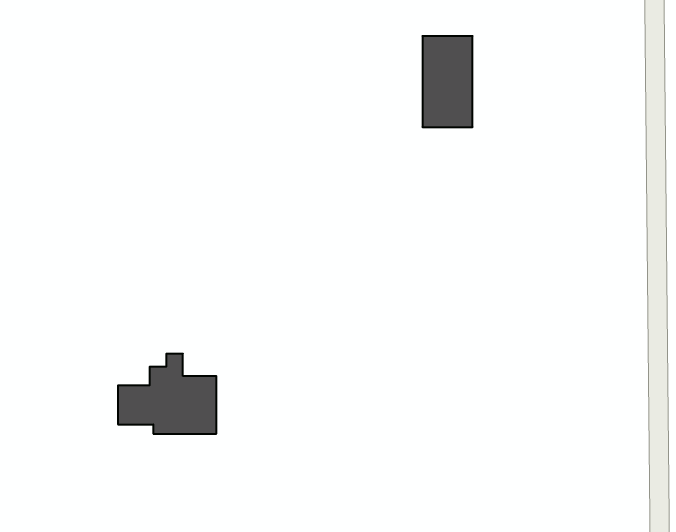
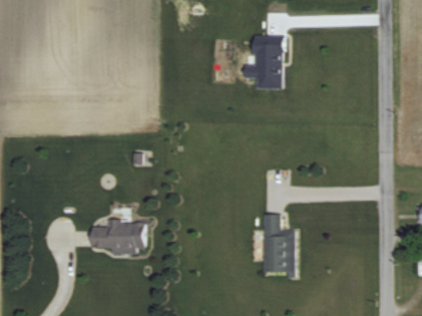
building: none -> [265,214,295,272]

